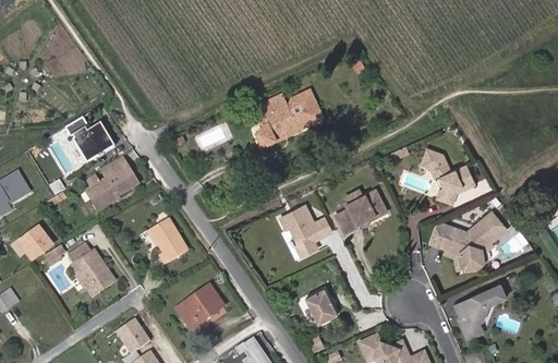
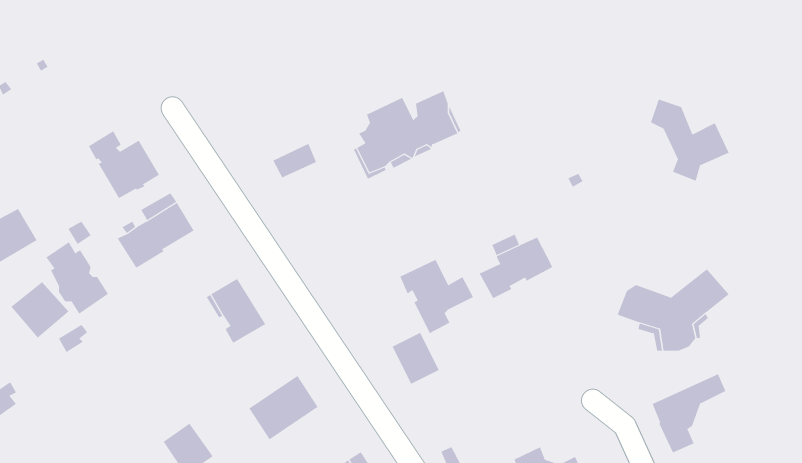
building: [420,147,474,204] -> [650,99,729,181]
building: [70,243,113,293] -> [45,241,109,315]
building: [304,288,337,324] -> [392,332,439,384]

